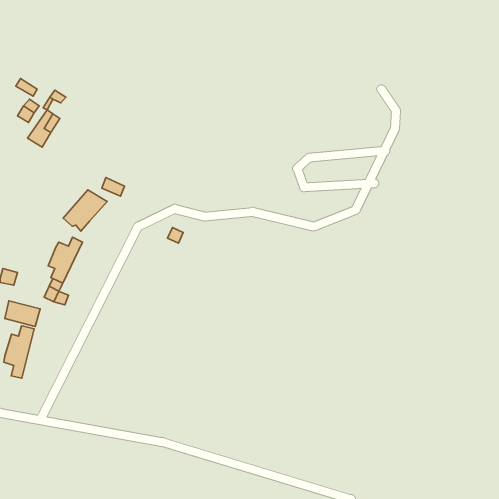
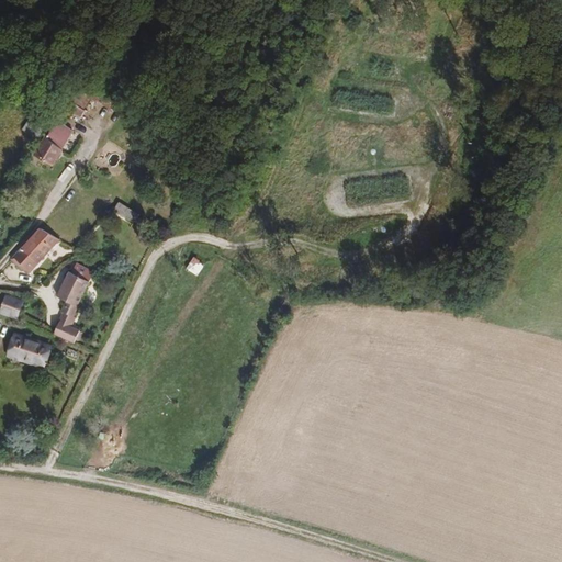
building: [63,190,107,231] -> [10,226,59,272]
building: [4,326,34,378] -> none

